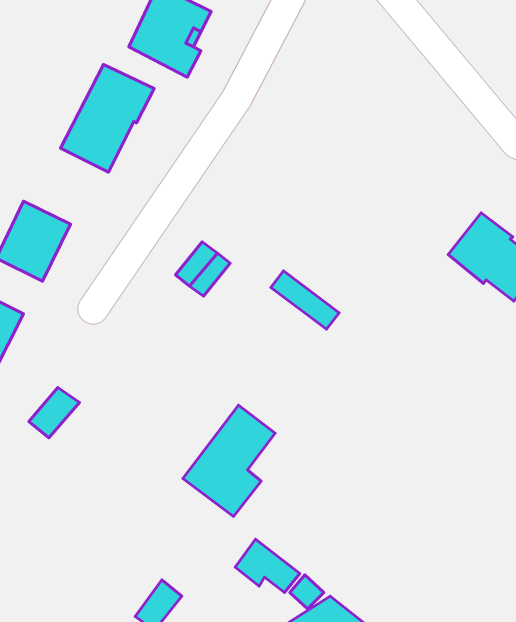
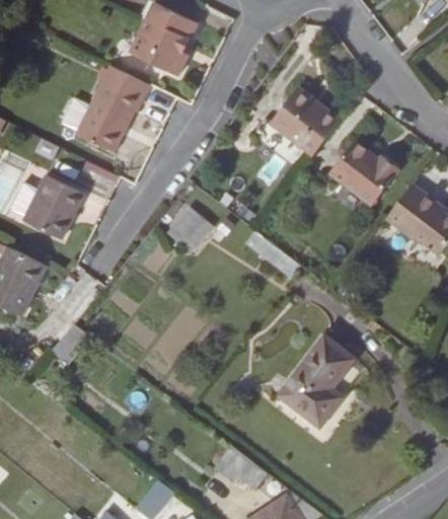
building: none -> [271,88,340,155]
building: none -> [329,141,399,206]
building: [183,405,275,517] -> [280,337,354,426]

